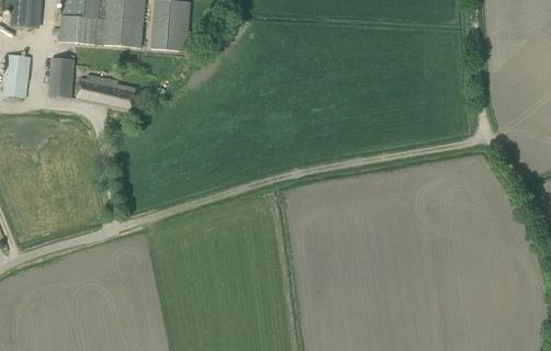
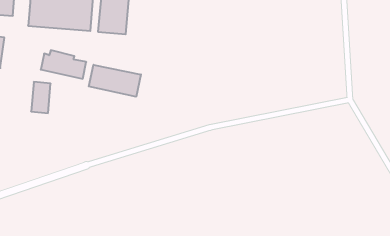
building: [48,56,74,97] -> [31,82,51,113]
building: none -> [89,65,141,97]

